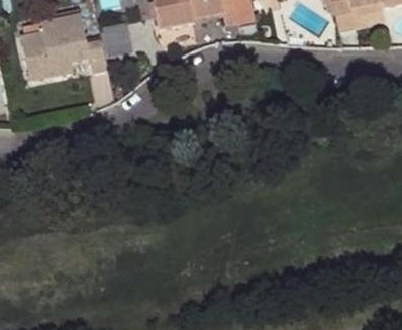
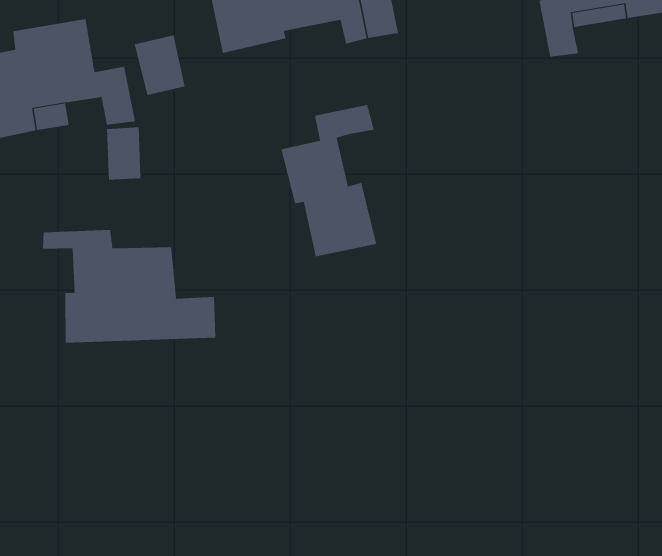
building: none -> [281,104,377,257]
building: none -> [43,229,216,343]

